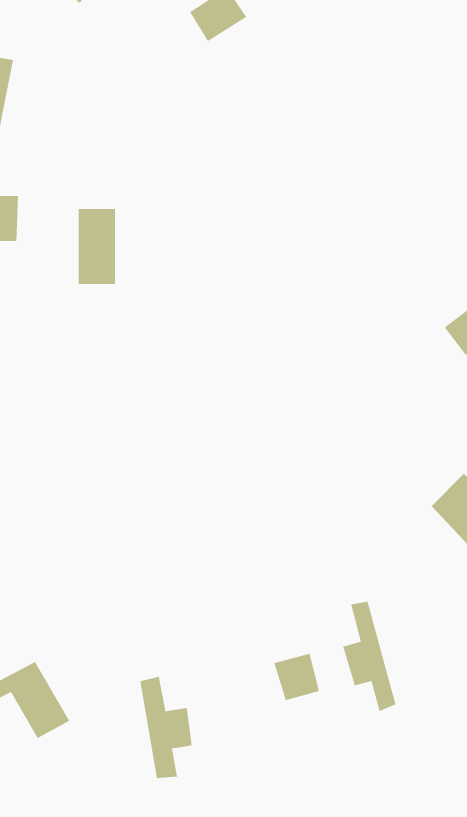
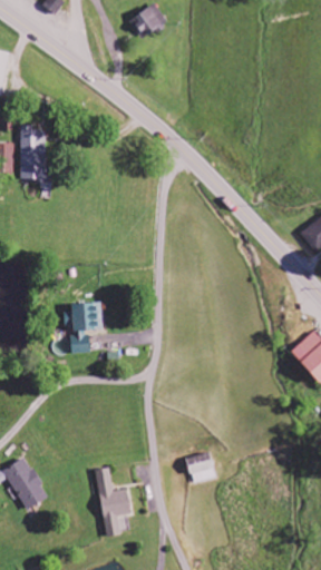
building: [78,208,116,284] -> [20,127,46,178]
building: none -> [70,302,100,352]
building: [342,601,396,712] -> none

